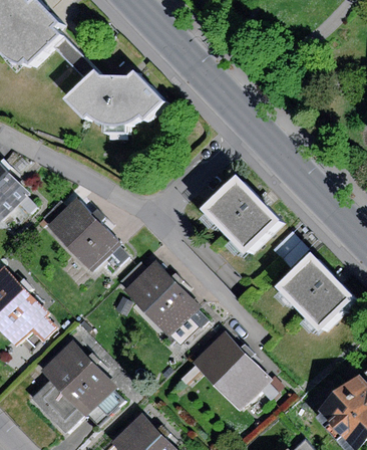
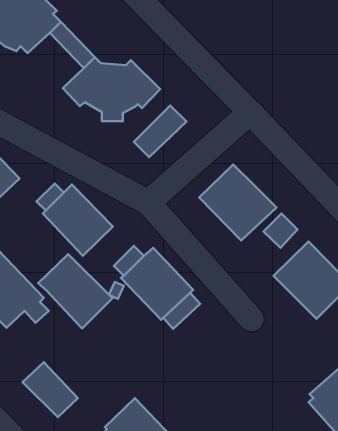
building: none -> [134,105,186,157]
building: [193,331,270,409] -> none
building: [42,342,116,416] -> [38,254,112,328]

